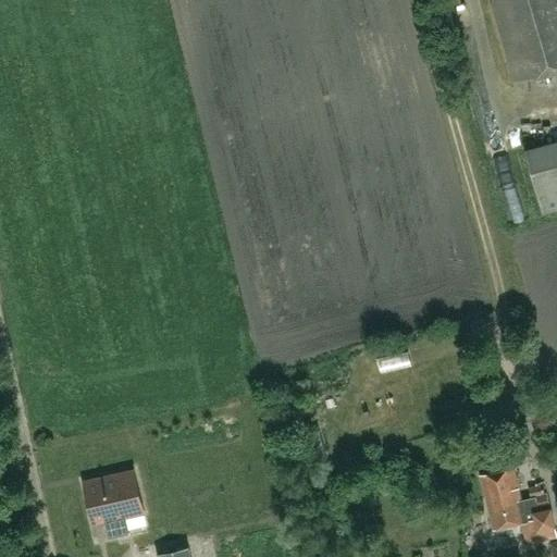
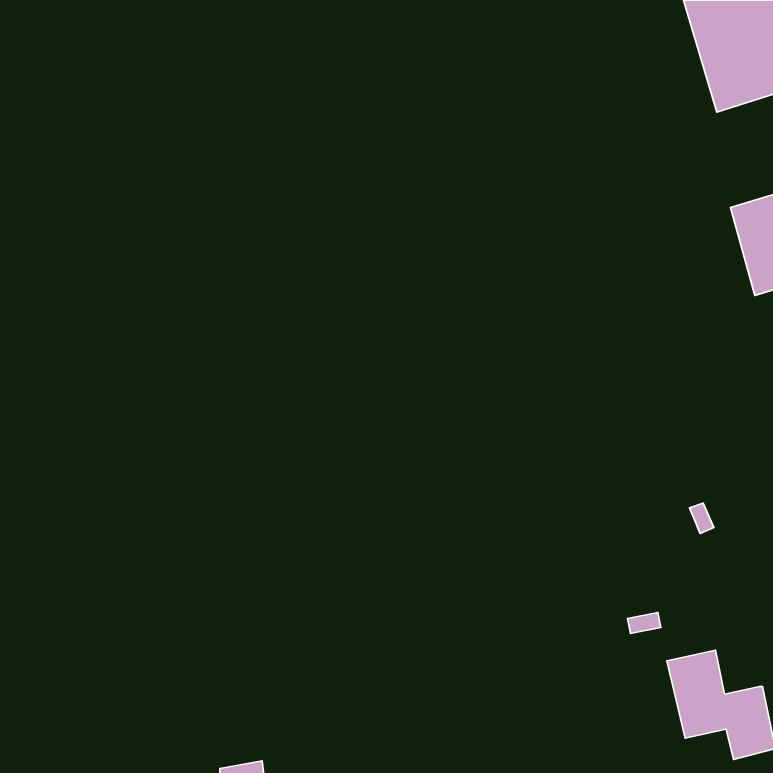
building: [84,470,145,539] -> none

